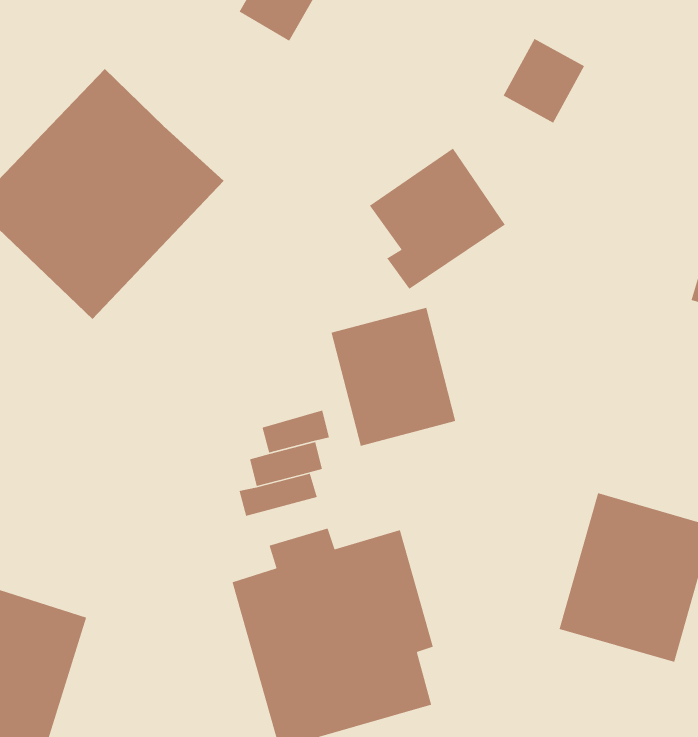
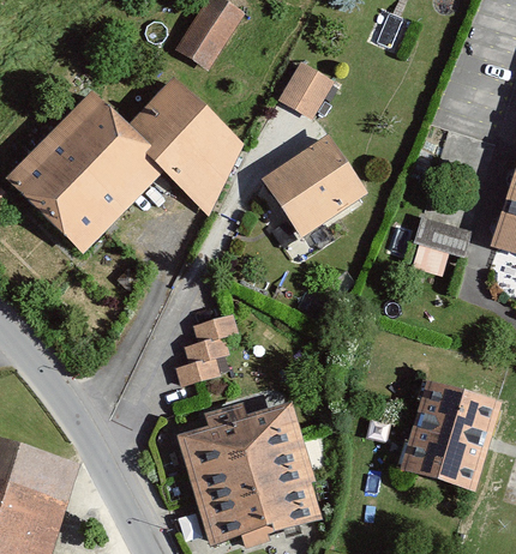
building: [503,38,585,124] -> [281,59,337,118]
building: none -> [130,88,240,205]
building: none -> [414,217,473,259]
building: [331,307,456,447] -> none

